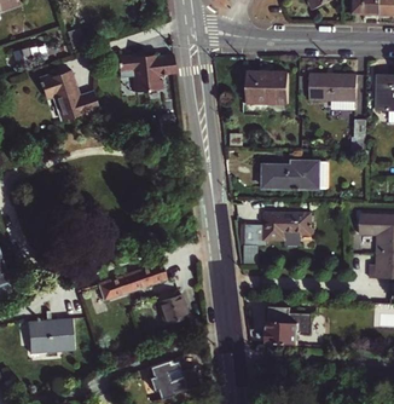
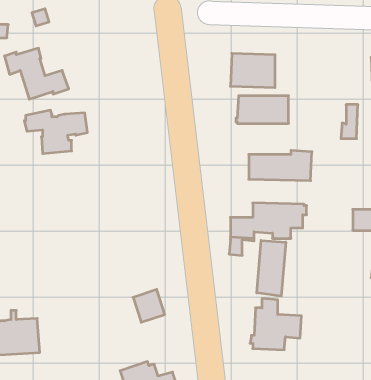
building: [118,52,176,92] -> [24,110,87,154]
building: [308,76,357,102] -> [236,96,289,123]
building: none -> [257,240,286,296]
building: [100,261,168,299] -> none

